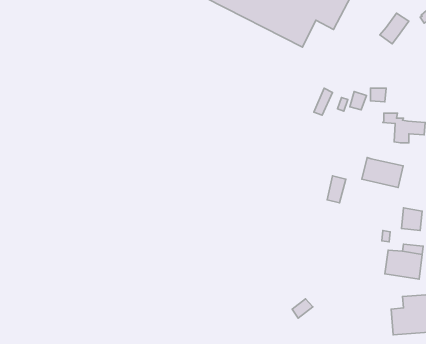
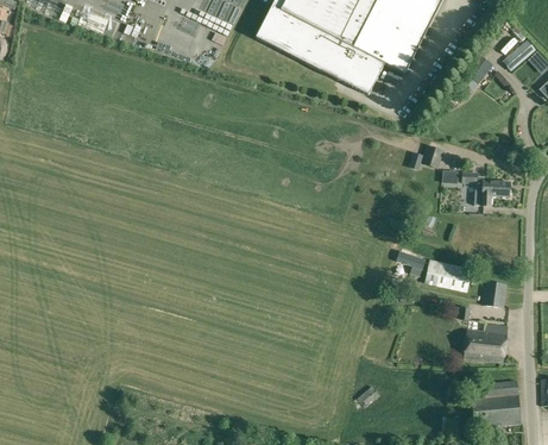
building: [362,158,403,188] -> [426,258,473,293]

